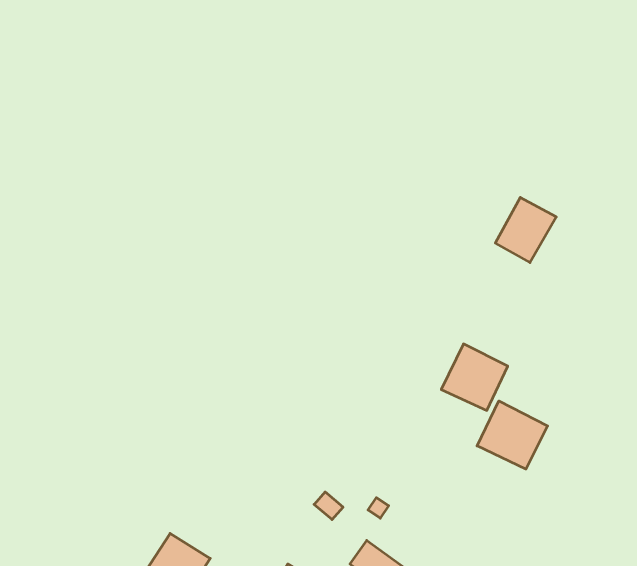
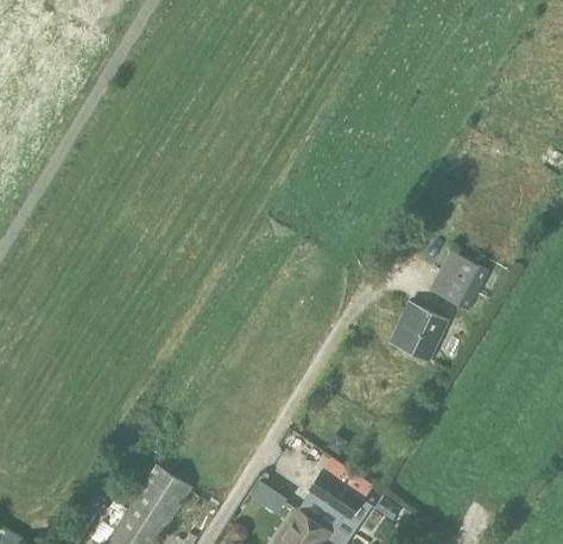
building: [495,197,556,263] -> [436,253,488,309]
building: [477,401,548,469] -> none

